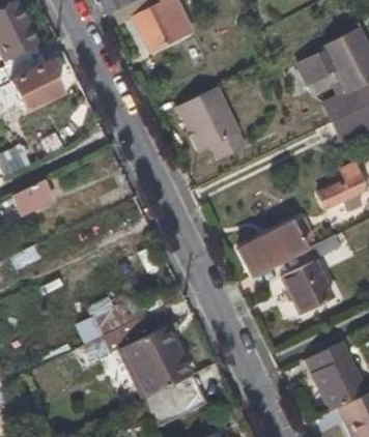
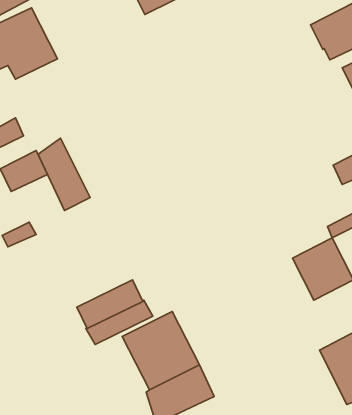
building: [176,86,247,158] -> none
building: none -> [38,138,90,210]
building: [237,221,307,276] -> none

